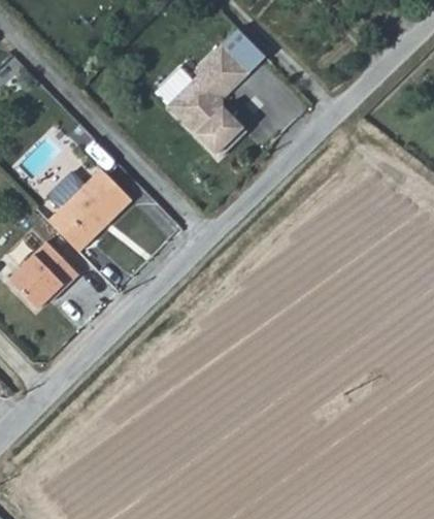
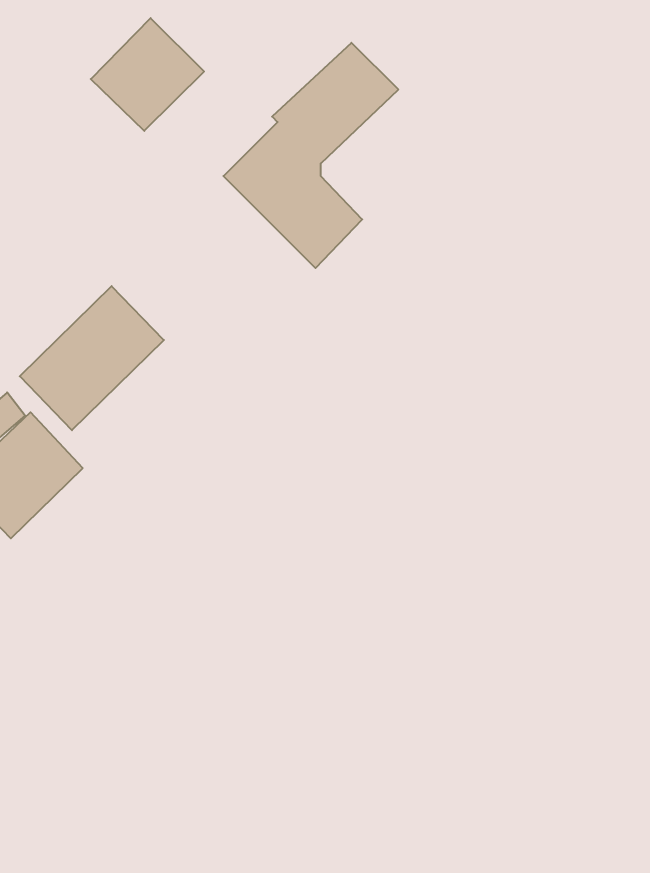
building: none -> [91,18,204,131]

